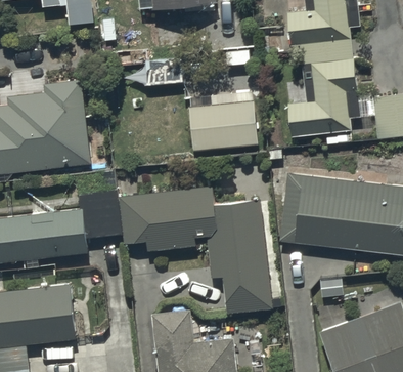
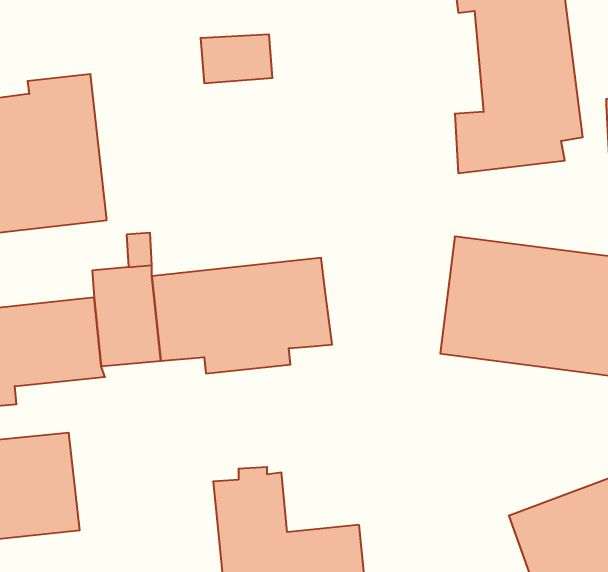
building: [189,94,256,143] -> none
building: [207,199,271,312] -> none

